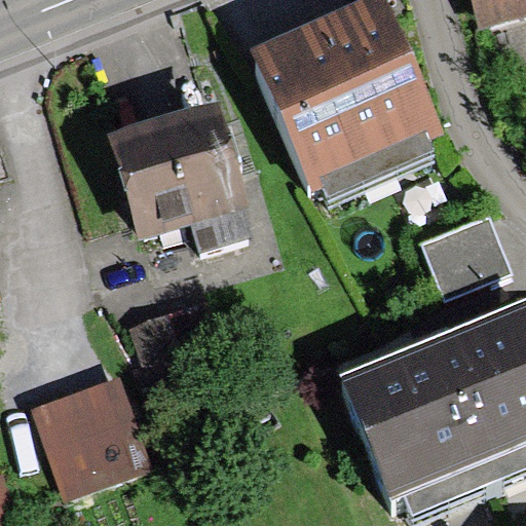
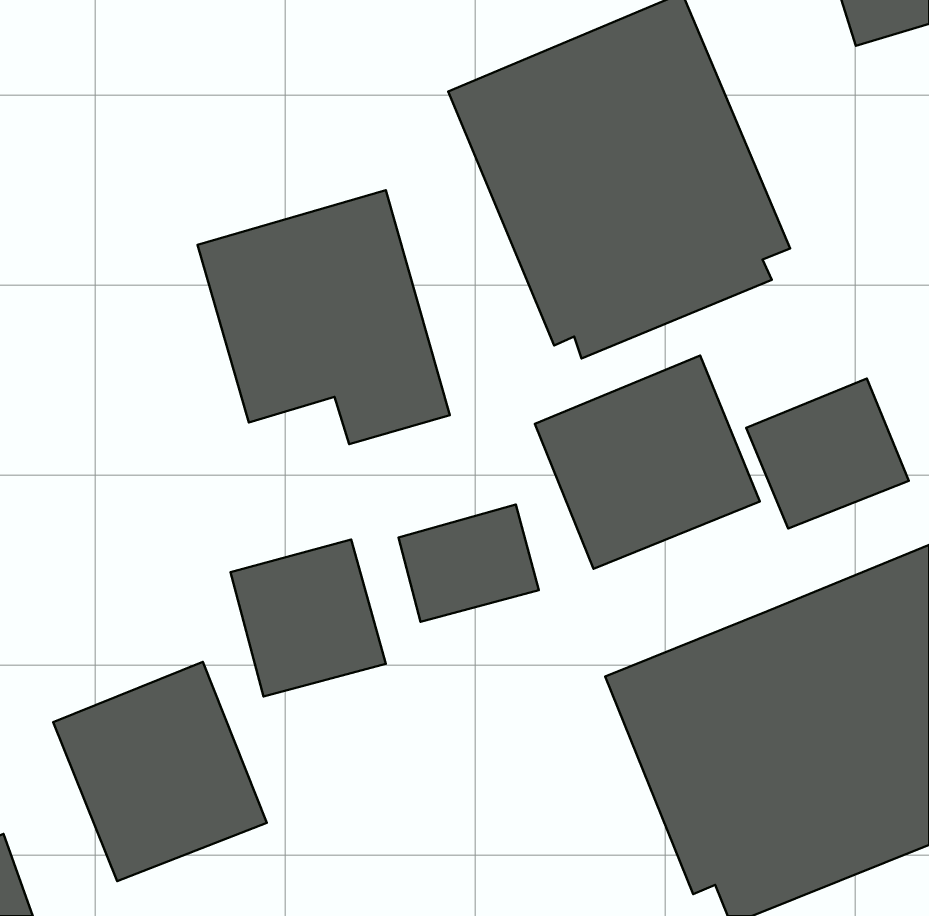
building: none -> [535,355,760,569]
building: none -> [399,504,539,622]

